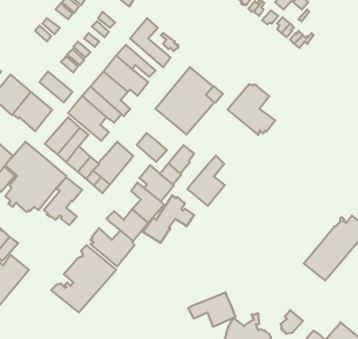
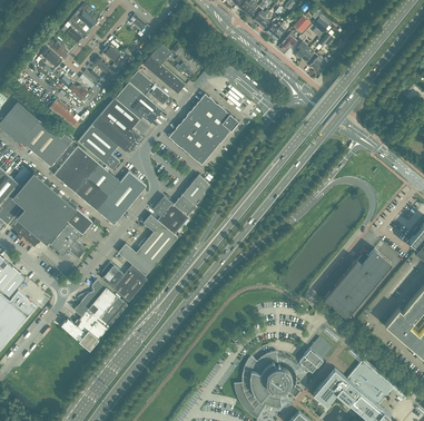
building: [227,84,275,135] -> none
building: [137,133,167,162] -> [89,165,120,195]
building: [187,156,225,206] -> none
building: [143,195,194,243] -> none
building: [188,292,236,327] -> none

